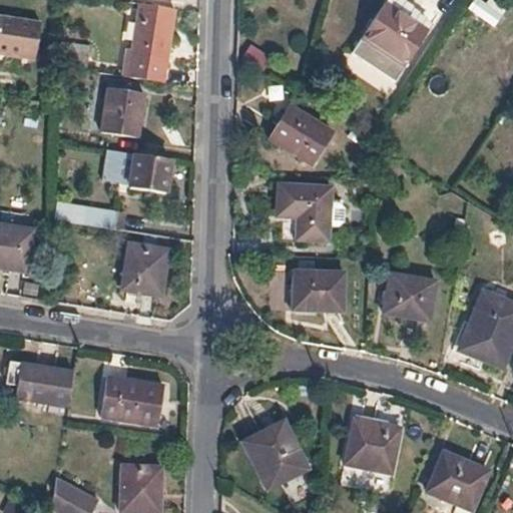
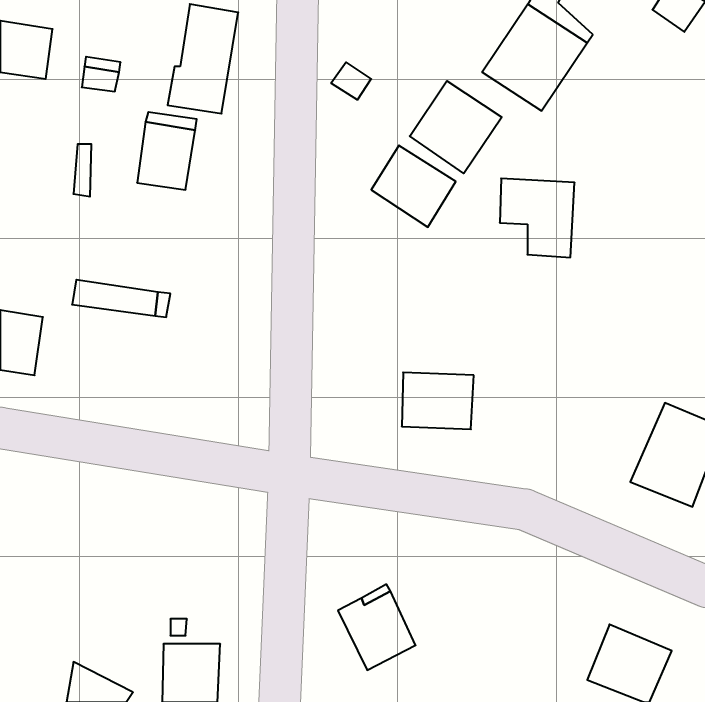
building: none -> [410,81,502,173]
building: [100,149,168,193] -> none
building: [277,183,331,240] -> [500,178,575,257]
building: [122,242,167,295] -> none
building: [383,273,436,321] -> none
building: [6,361,73,407] -> none
building: [100,377,163,425] -> none
building: [345,419,401,473] -> none

